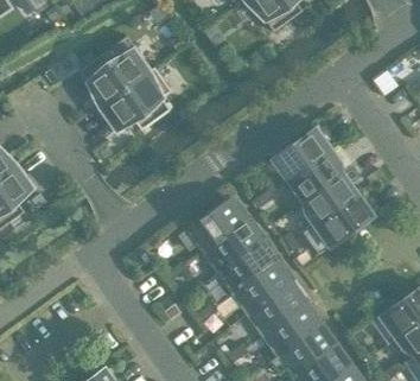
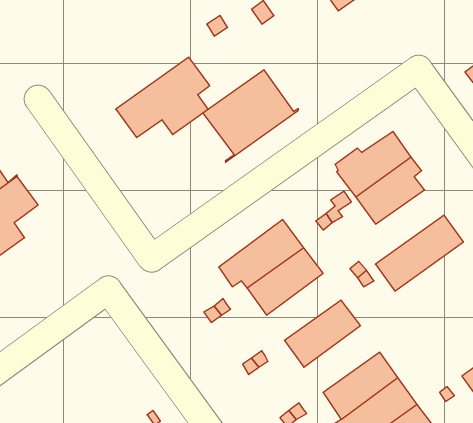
building: [78,37,154,110] -> [203,70,298,162]
building: [303,174,357,234] -> none
building: [216,241,275,294] -> none
building: [246,282,306,336] -> none

